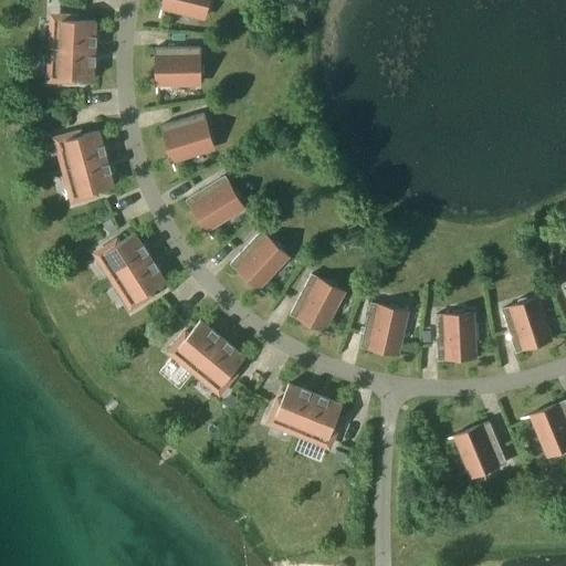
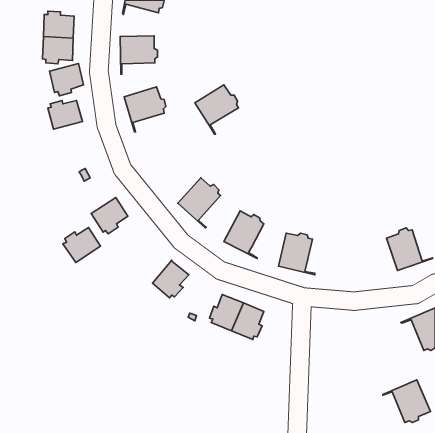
building: [70,160,114,202] -> [49,64,83,96]
building: [187,178,243,242] -> [195,85,238,134]
building: [102,234,150,280] -> [63,228,100,262]
building: [436,312,486,361] -> none
building: [175,322,223,370] -> none
building: [444,423,506,479] -> [383,380,430,422]

